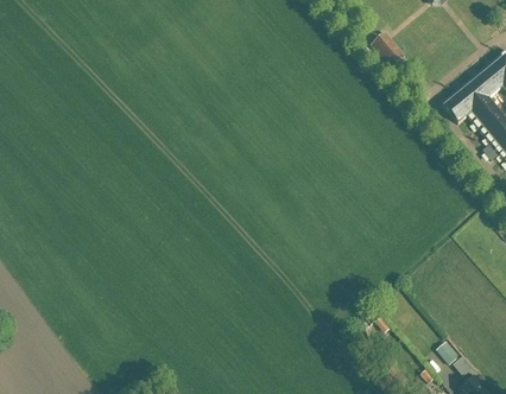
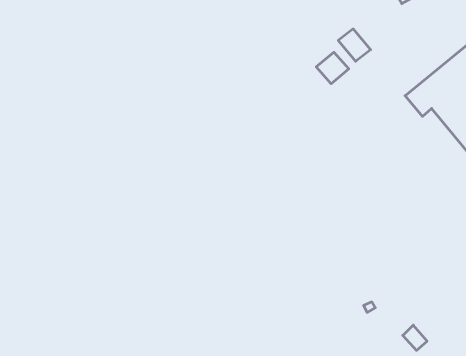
building: none -> [316,52,349,84]

